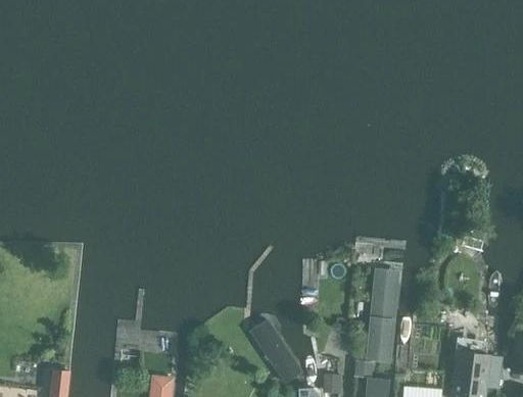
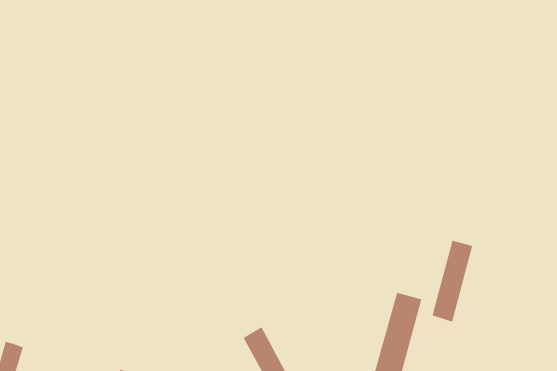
building: none -> [432,240,473,322]

